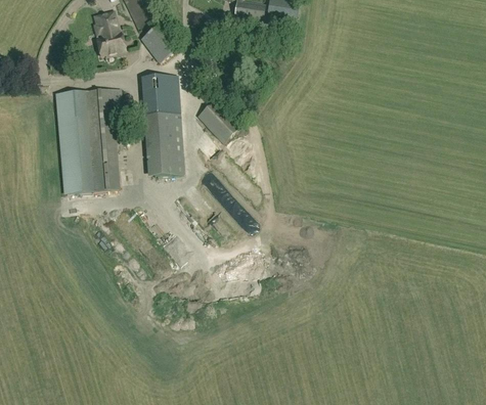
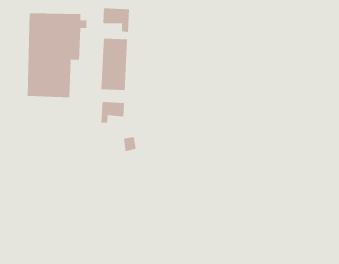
building: [196,98,240,143] -> none
building: none -> [101,101,124,123]

